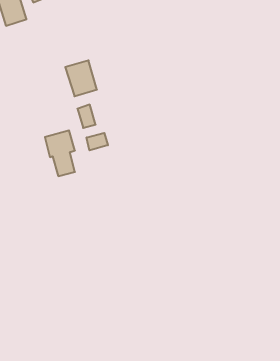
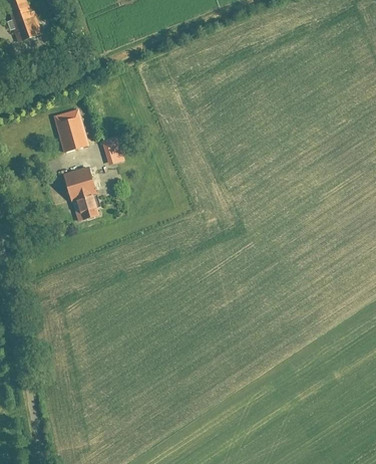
building: [65,60,97,96] -> [52,108,90,152]
building: [87,133,108,150] -> none

